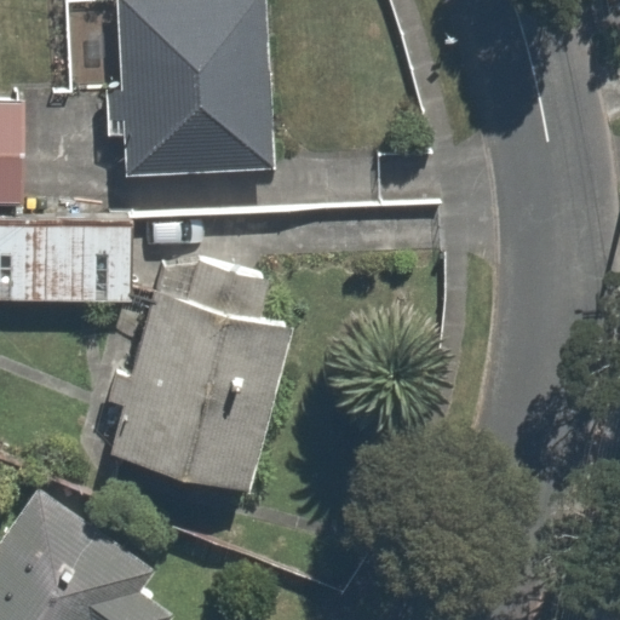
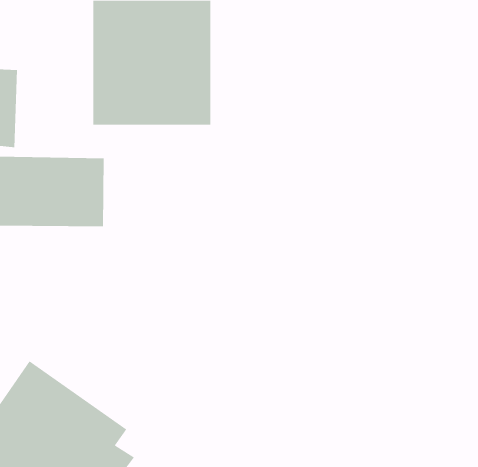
building: [102,277,292,490] -> none

